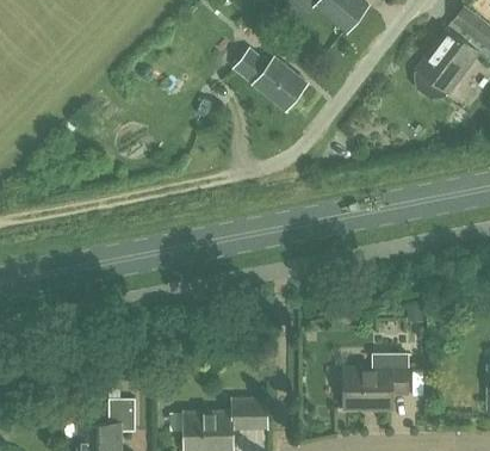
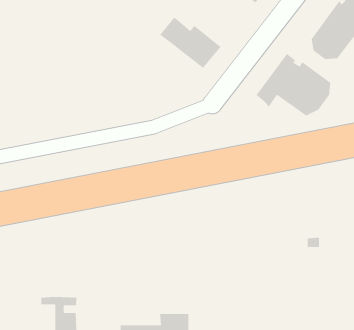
building: none -> [255,53,331,116]
building: [347,352,410,408] -> none

